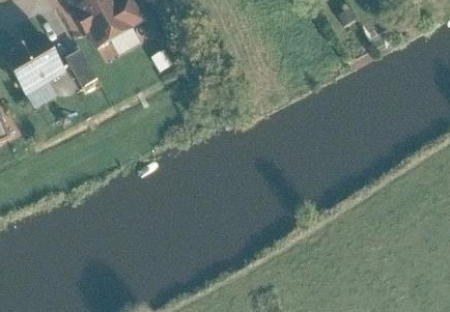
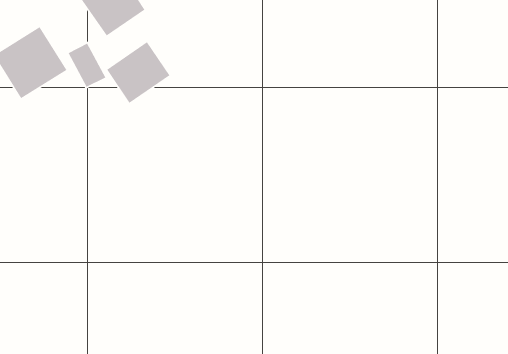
building: none -> [106,41,170,104]

